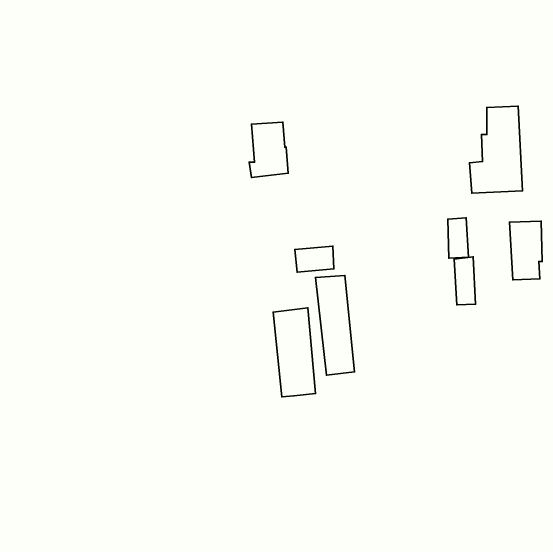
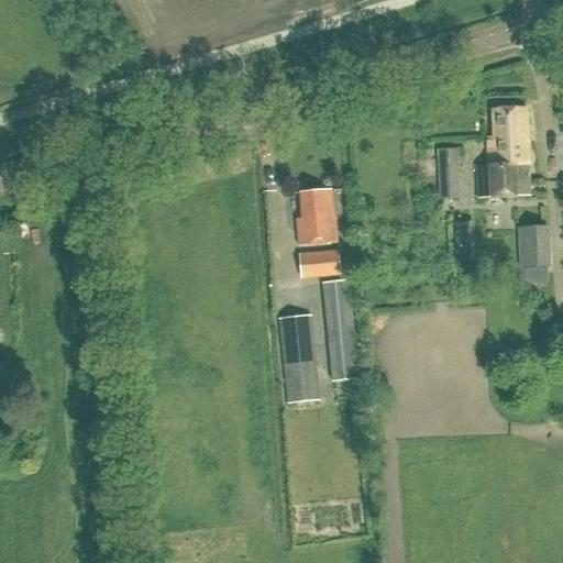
building: [249,122,288,177] -> [298,189,338,245]
building: none -> [438,147,461,198]
building: [454,257,476,305] -> none

